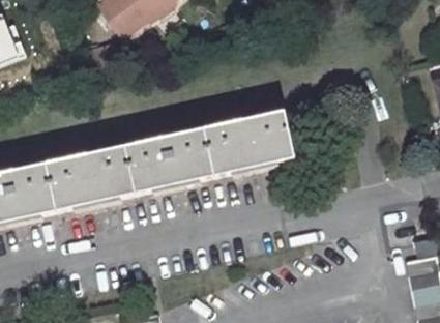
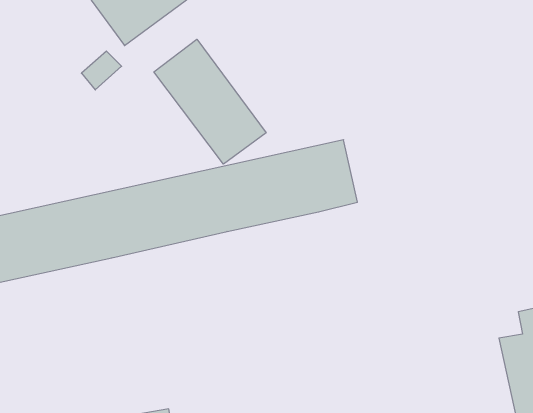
building: none -> [154,39,266,164]

